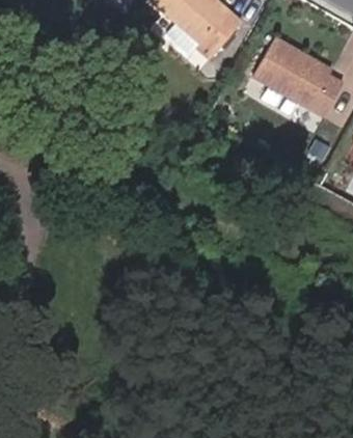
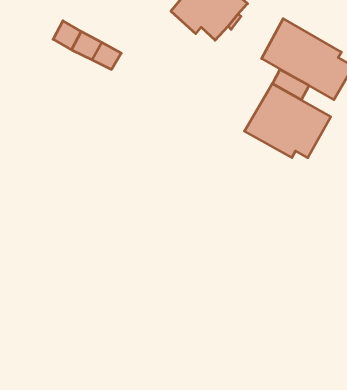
building: none -> [244,84,331,158]

